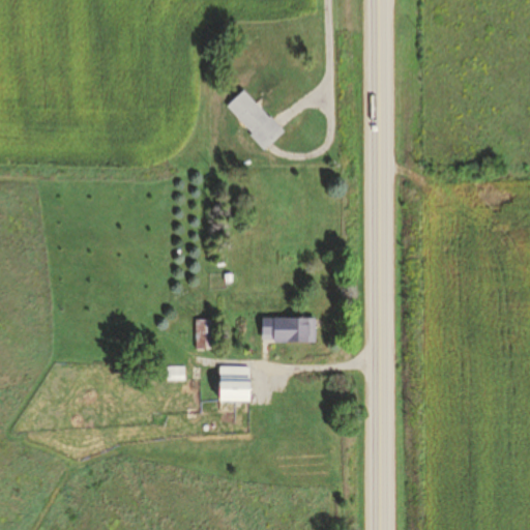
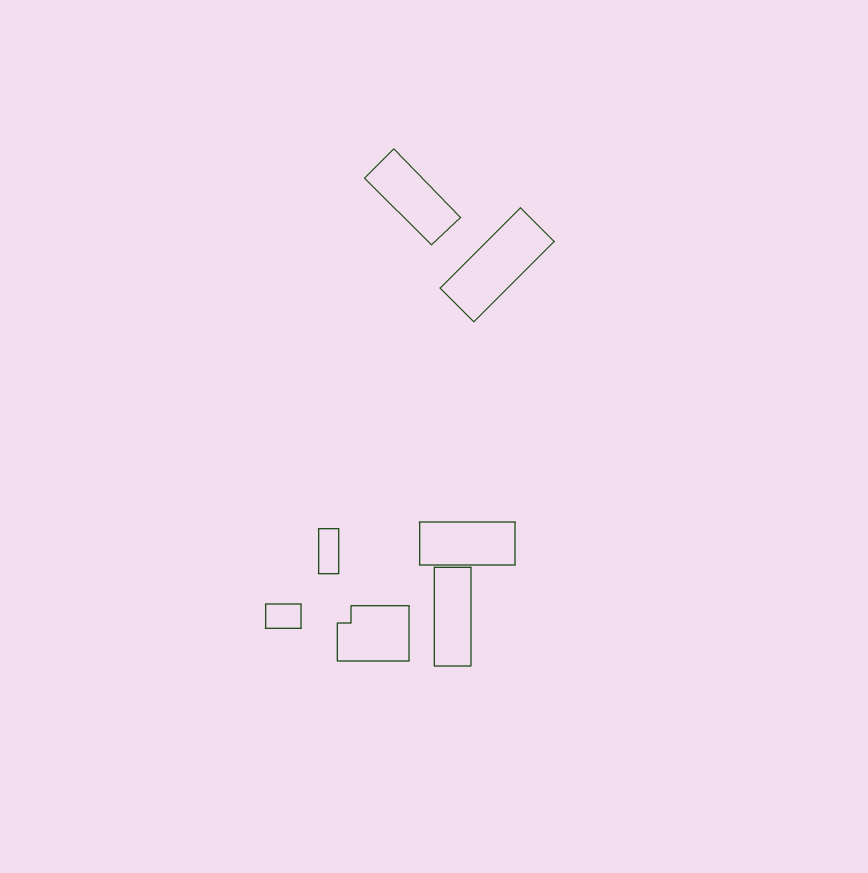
building: none -> [440,208,554,322]
building: none -> [434,567,471,666]

